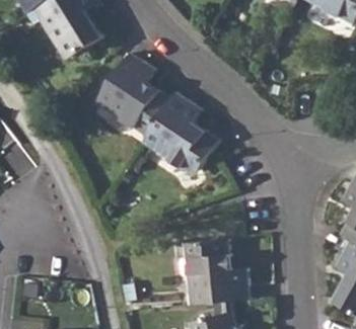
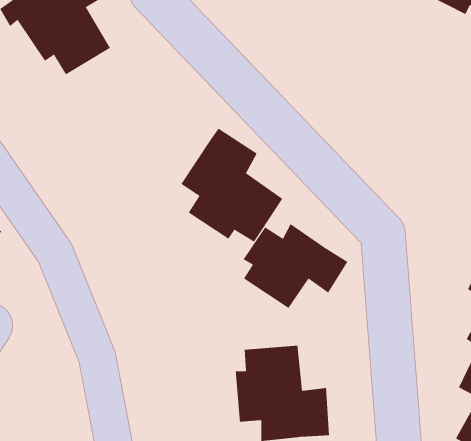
building: [105,52,173,130] -> none
building: none -> [243,223,348,309]

